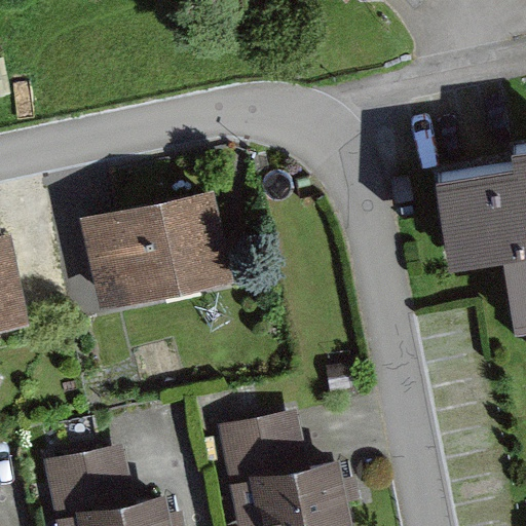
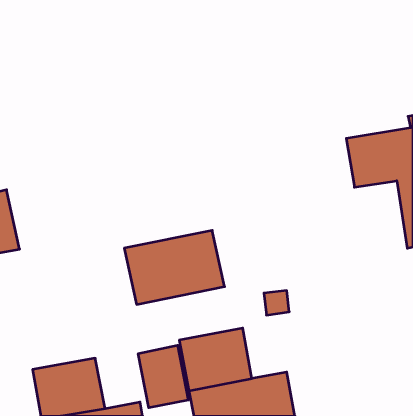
building: [92,199,219,293] -> [124,230,225,304]
building: none -> [138,345,188,408]

